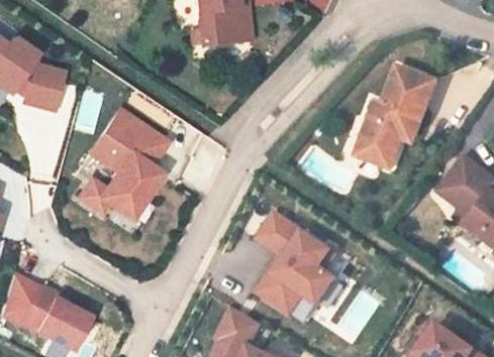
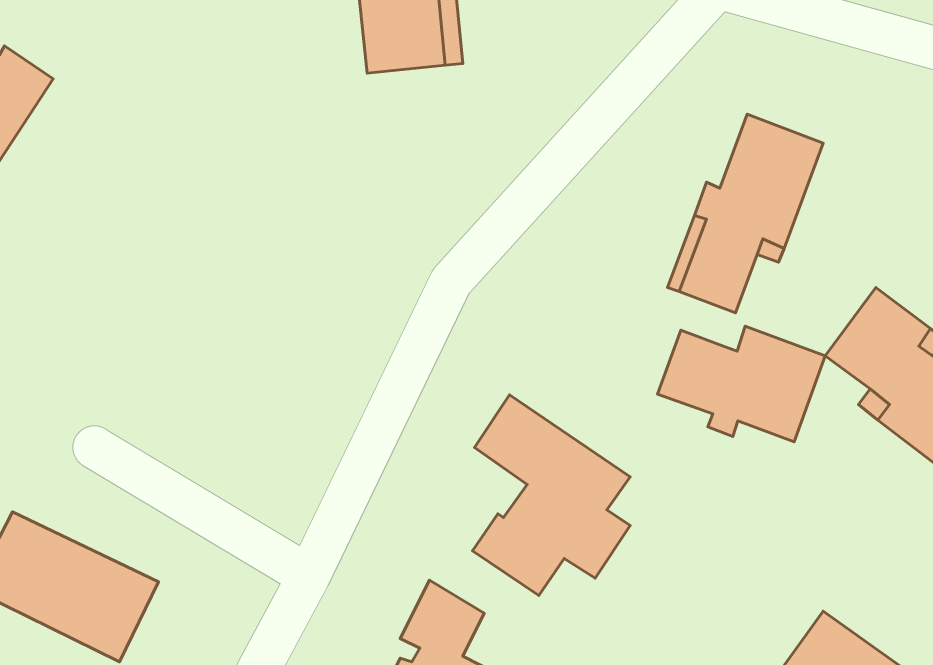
building: [15,56,65,109] -> none
building: [71,104,169,222] -> none
building: none -> [658,326,825,442]

